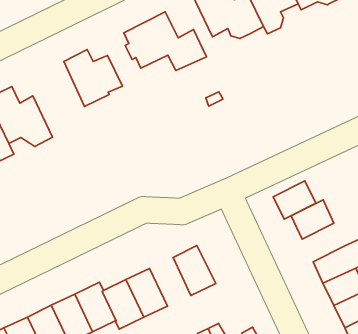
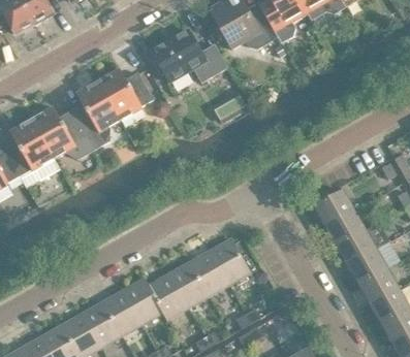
building: none -> [72,80,120,150]
building: [273,181,316,219] -> [325,209,365,246]
building: none -> [189,251,228,295]

